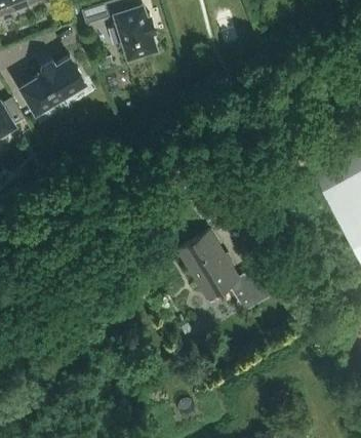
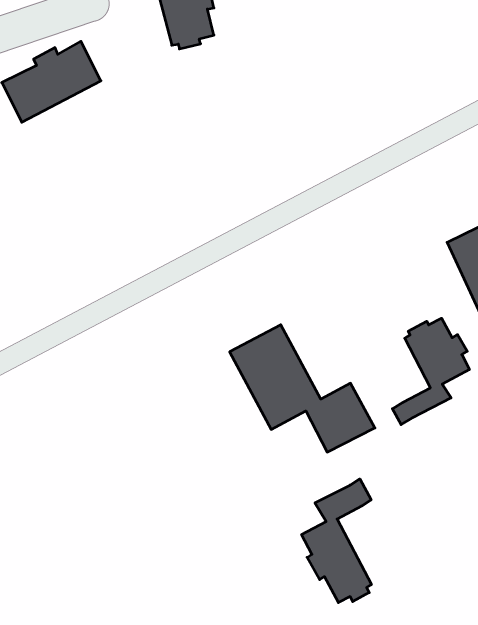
building: none -> [392,318,469,425]
building: none -> [302,479,371,603]

